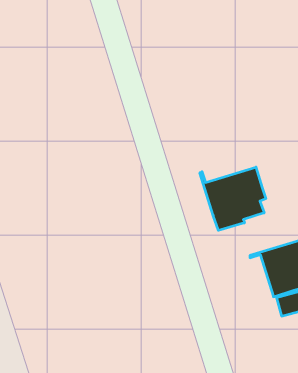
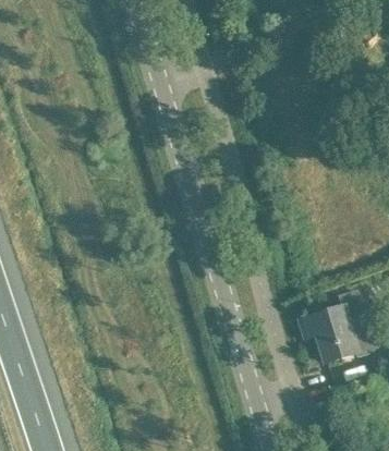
building: [200,167,266,230] -> none

